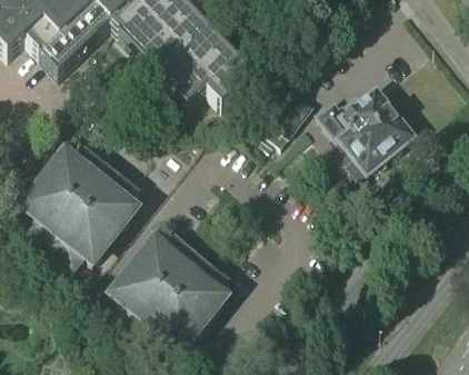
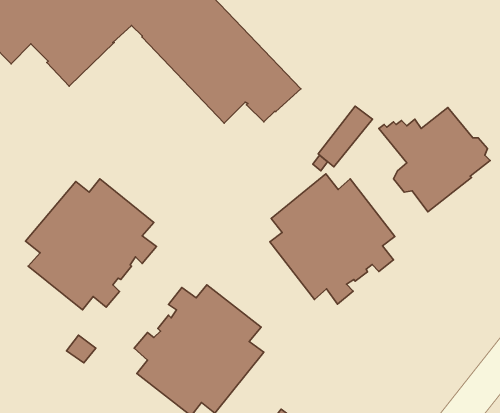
building: none -> [270,174,395,304]

